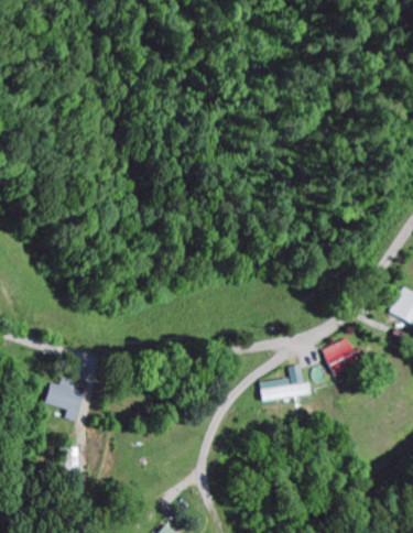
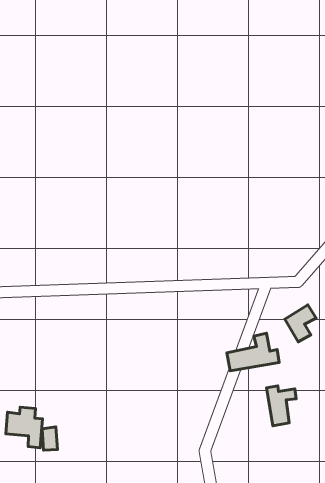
building: [44,378,83,421] -> [6,407,42,448]
building: none -> [266,386,296,426]

